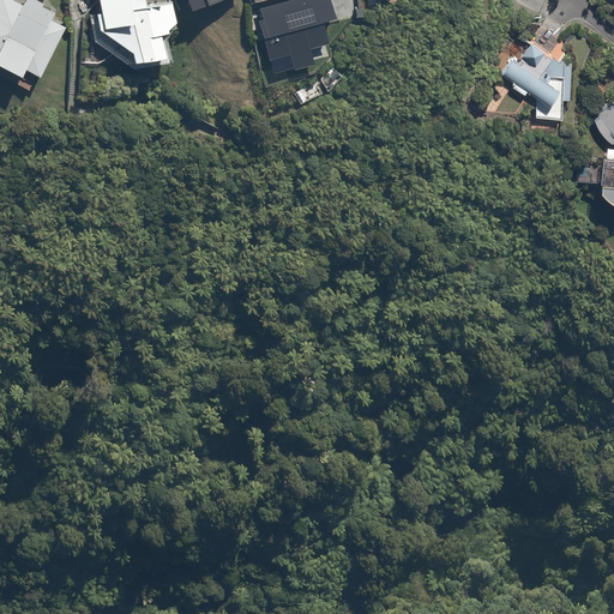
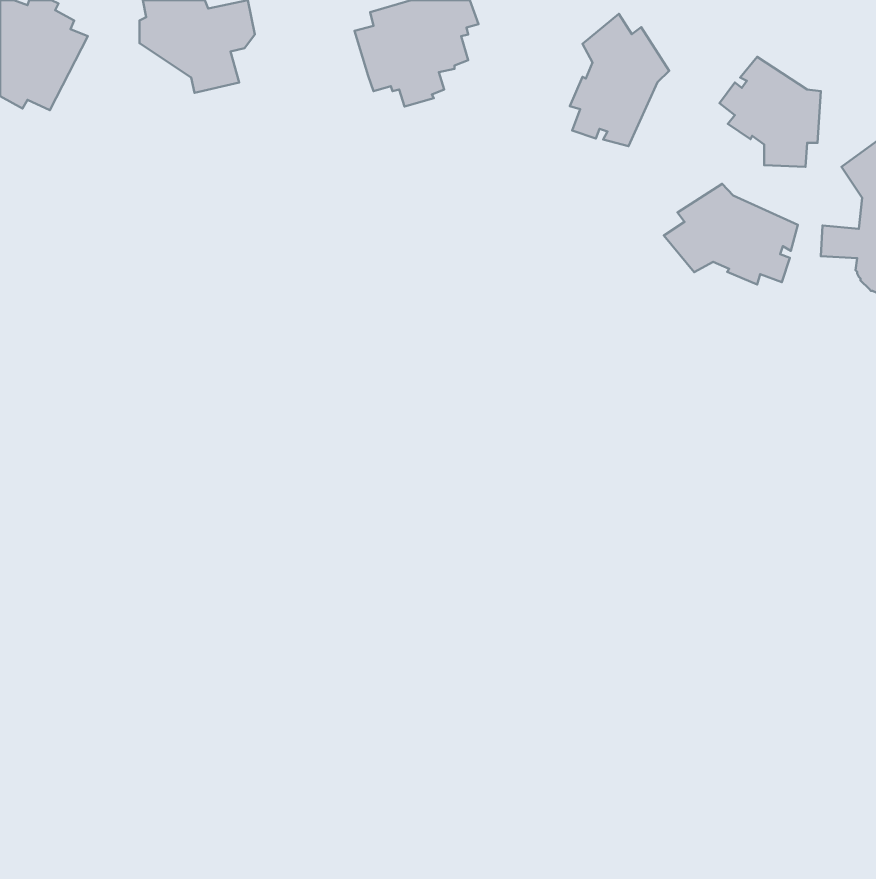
building: none -> [570,14,669,146]
building: none -> [664,184,798,285]

